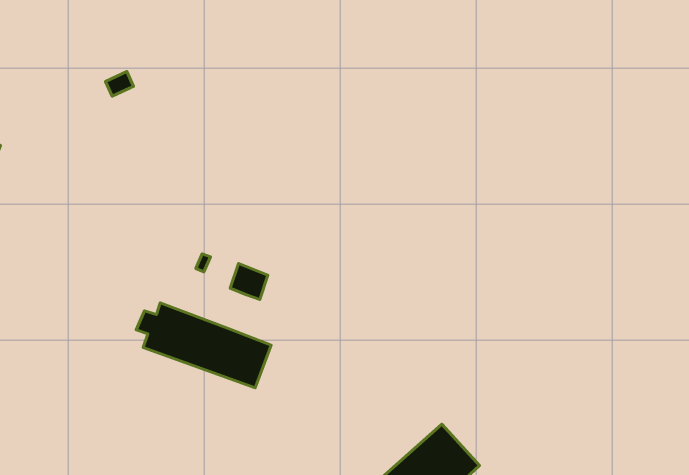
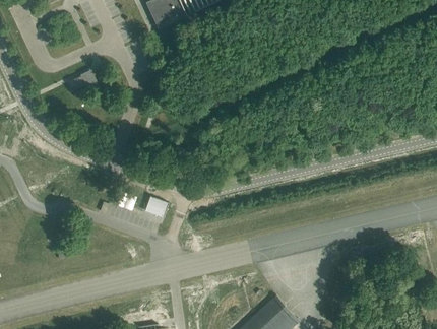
building: [136,303,271,388] -> none

